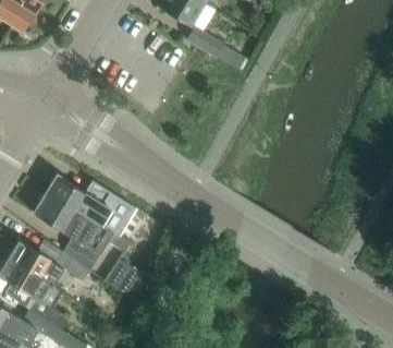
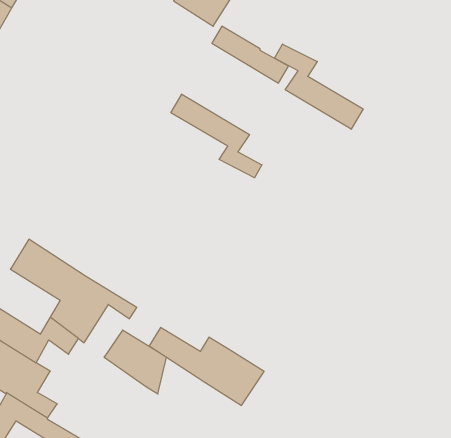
building: none -> [274,44,363,129]
building: none -> [171,94,262,178]
building: [47,176,135,236] -> [149,327,264,405]

